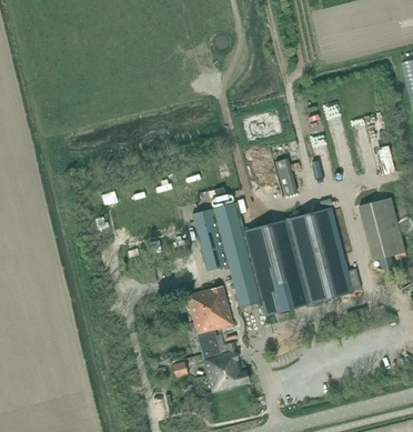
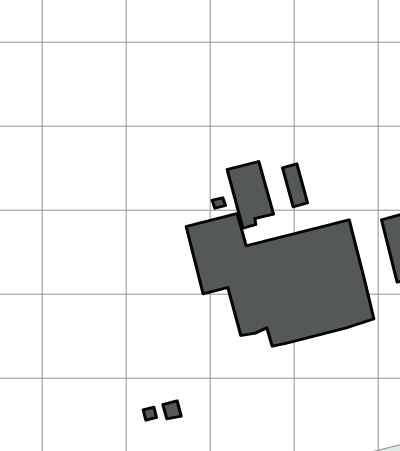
building: none -> [227,161,274,228]
building: [187,285,249,392] -> none

